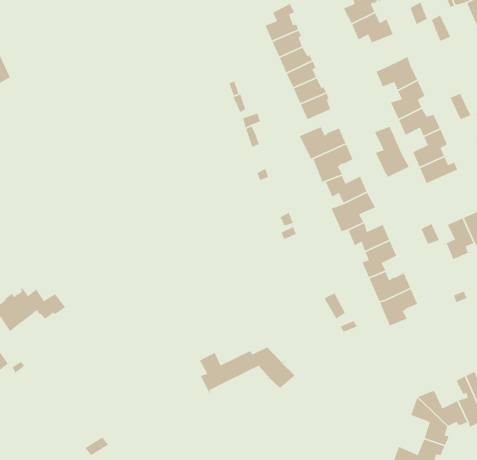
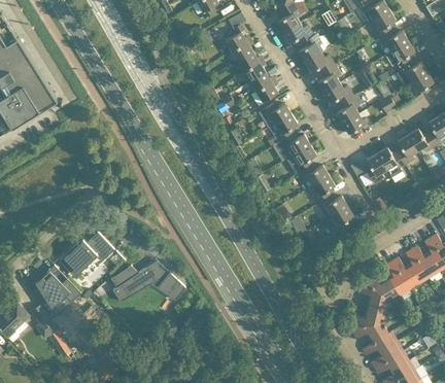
building: none -> [299,33,326,62]
building: [373,126,410,178] -> none
building: [199,346,295,395] -> [111,264,178,302]

